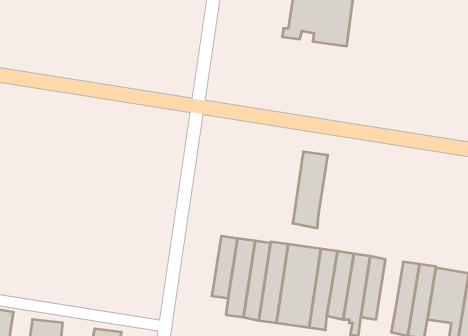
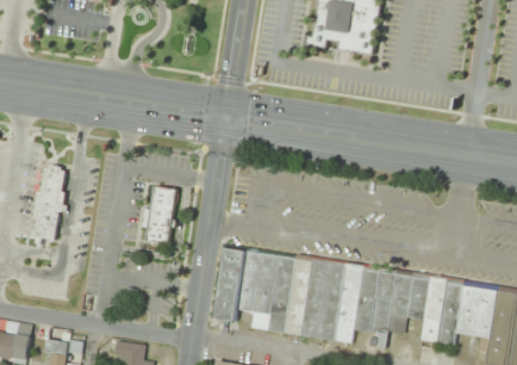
building: [293,152,328,228] -> [210,245,245,322]
building: none -> [33,166,66,241]
building: none -> [141,186,176,245]
building: none -> [405,272,430,320]

